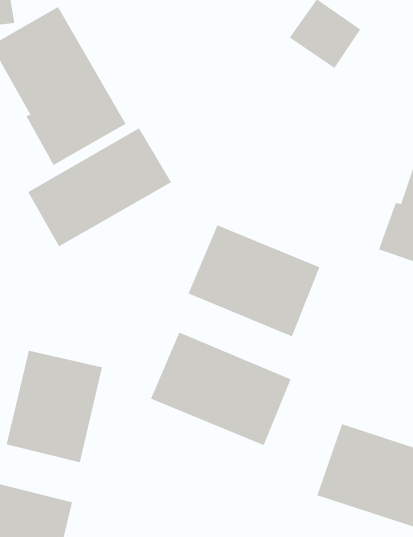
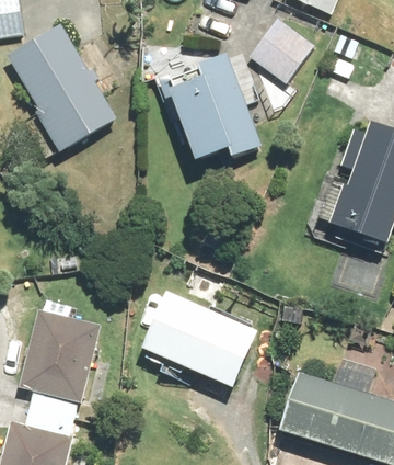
building: none -> [165,52,263,162]
building: [27,128,172,247] -> none
building: [188,225,320,337] -> none

